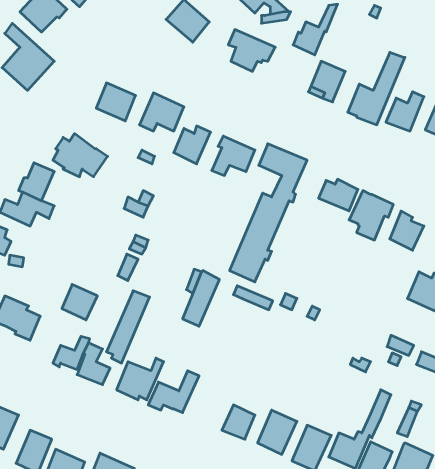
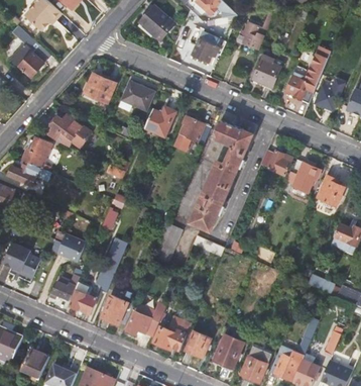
building: none -> [152,316,190,350]

